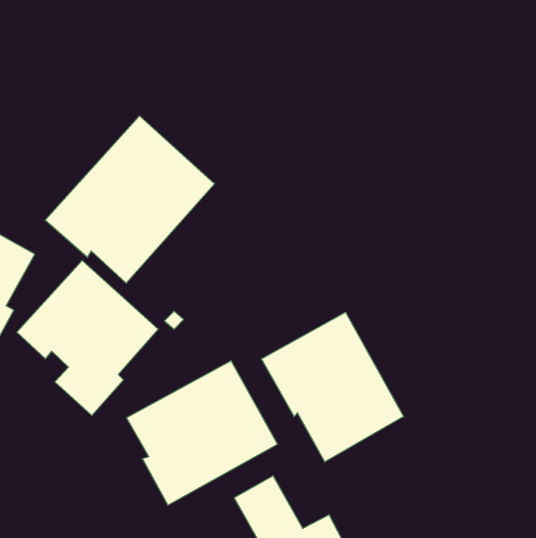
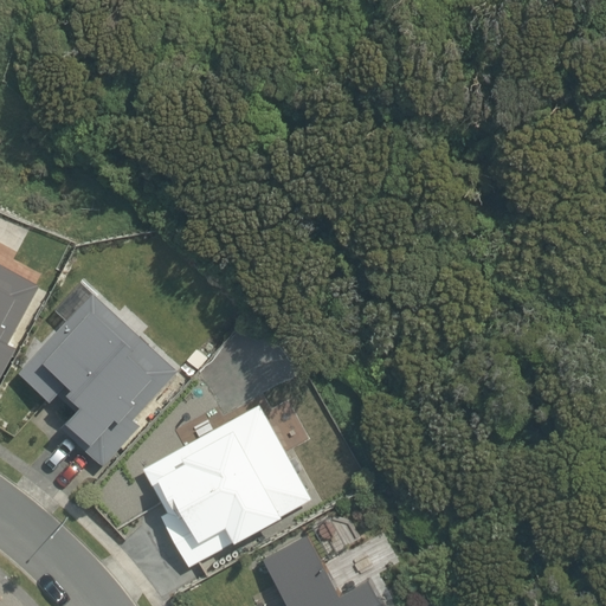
building: [45,116,215,283] -> none
building: [261,312,404,462] -> none

